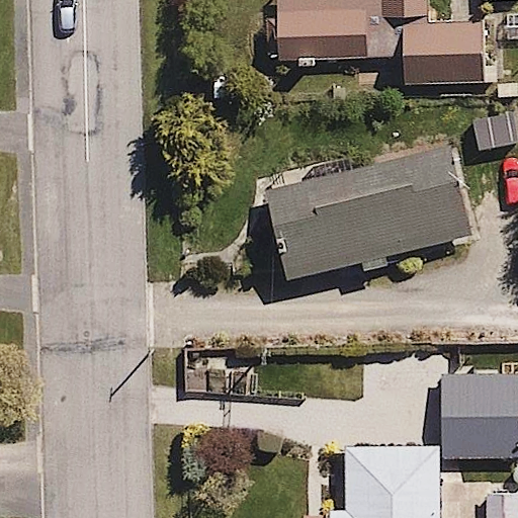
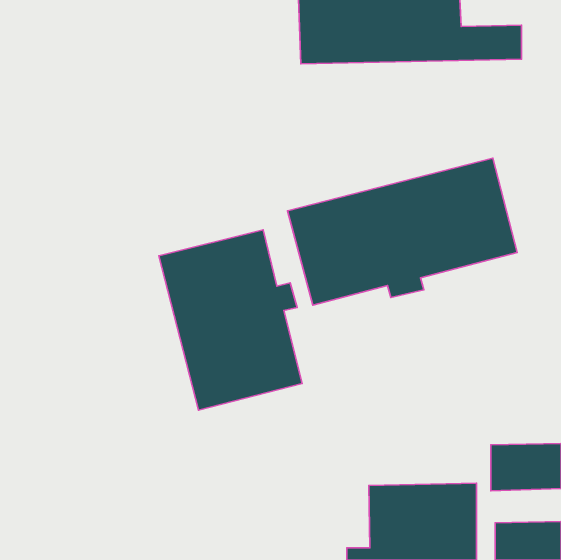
building: none -> [159,230,302,410]

